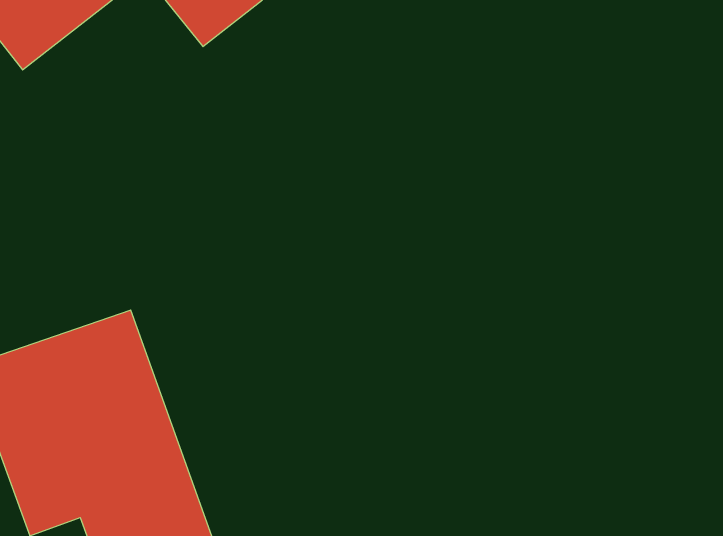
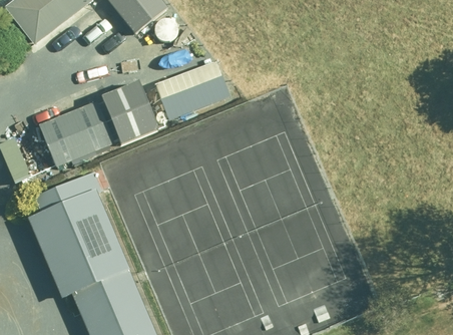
building: none -> [157,59,232,119]
building: none -> [41,84,156,165]

